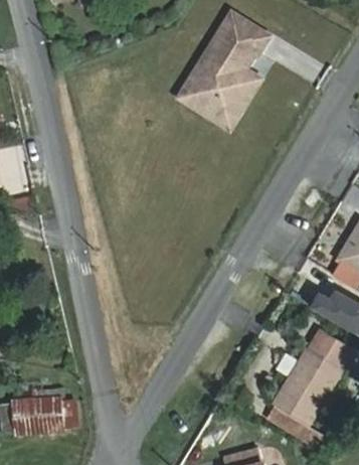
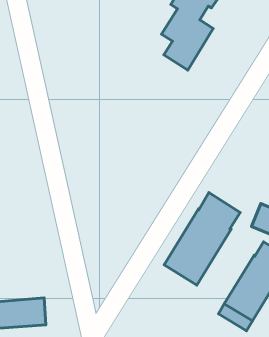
building: [179,50,216,110] -> none
building: none -> [164,193,240,285]

